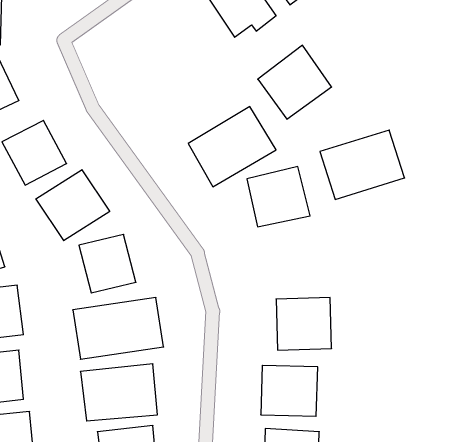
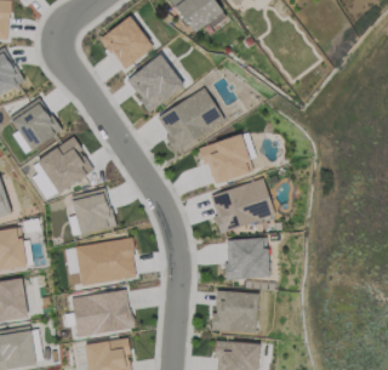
building: none -> [101,16,154,69]
building: [258,45,332,119] -> [126,53,184,112]
building: [320,130,405,199] -> [209,178,275,233]

